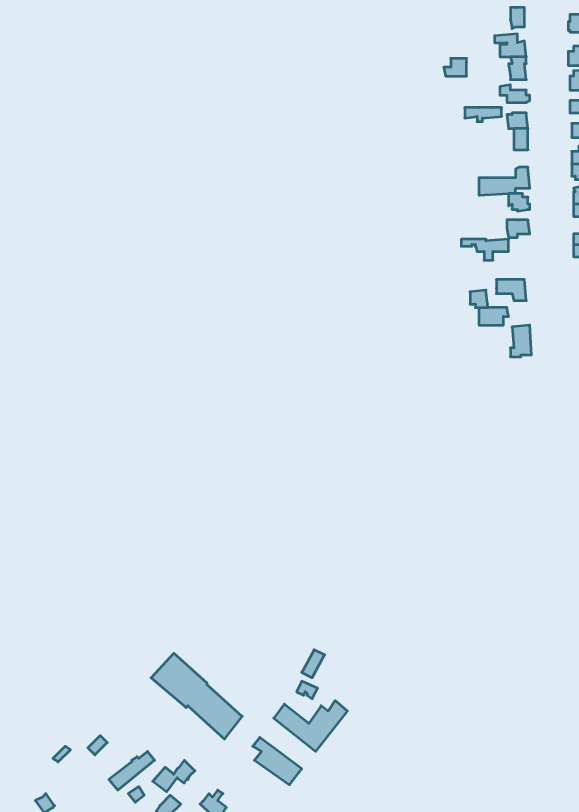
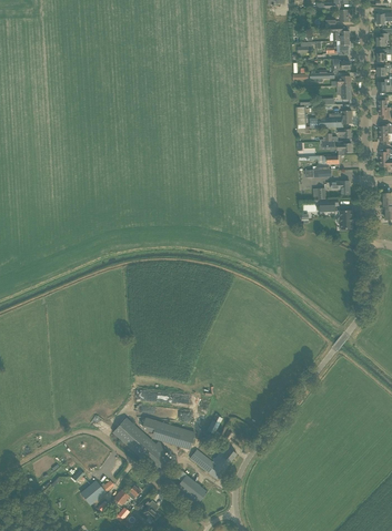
building: none -> [140,417,194,449]

